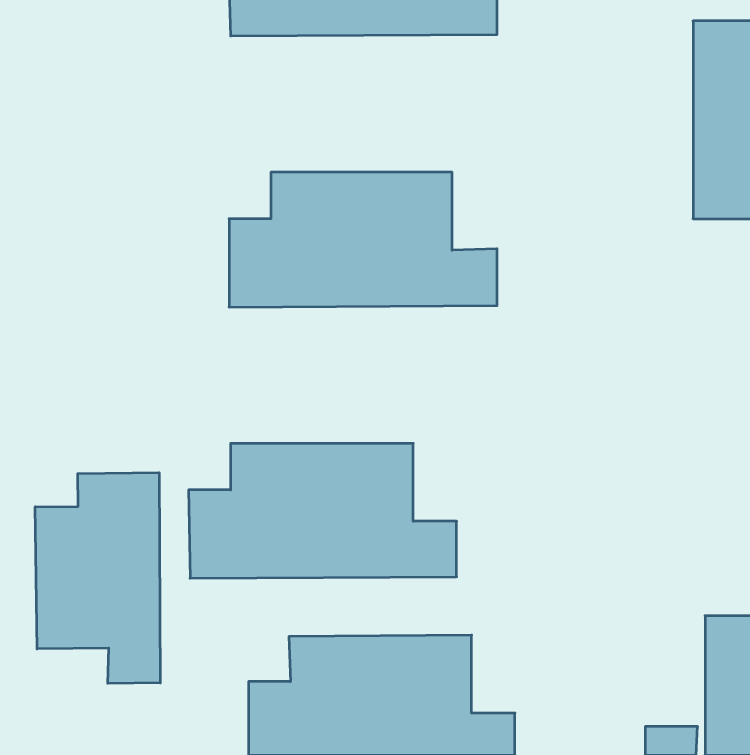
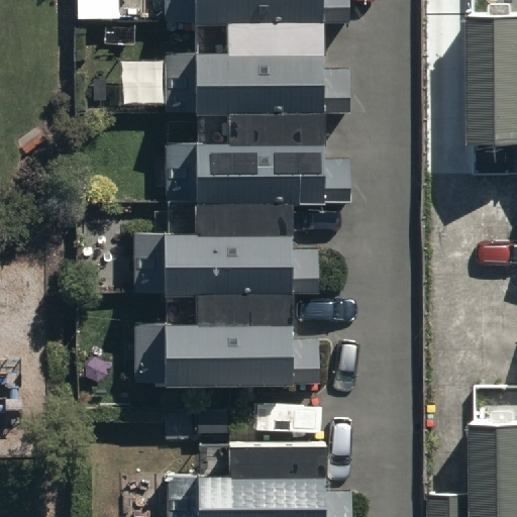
building: none -> [166,24,346,115]
building: none -> [137,208,318,299]
building: [35,473,160,683] -> none

